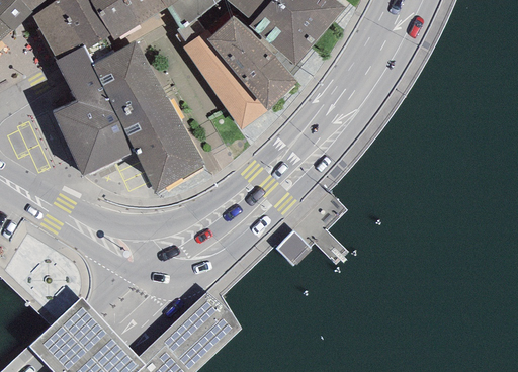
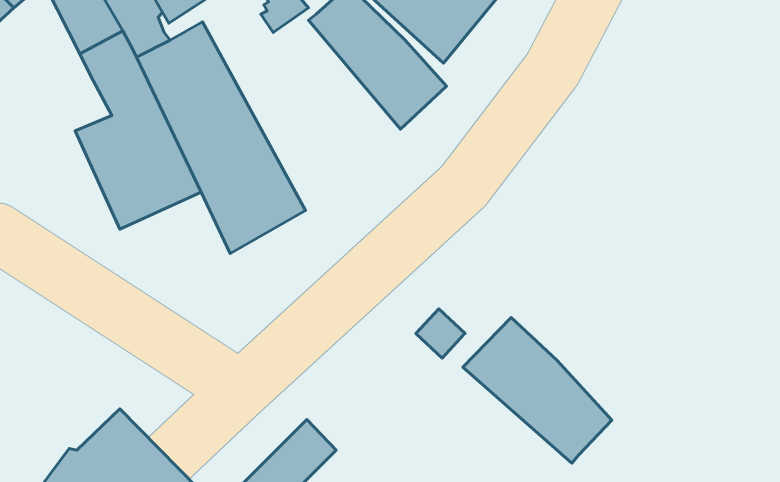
building: [182,30,266,130] -> none
building: none -> [463,317,612,463]

